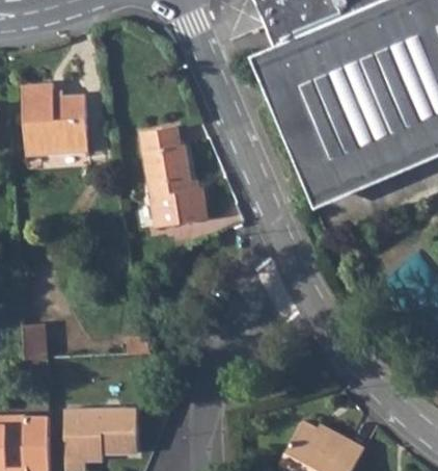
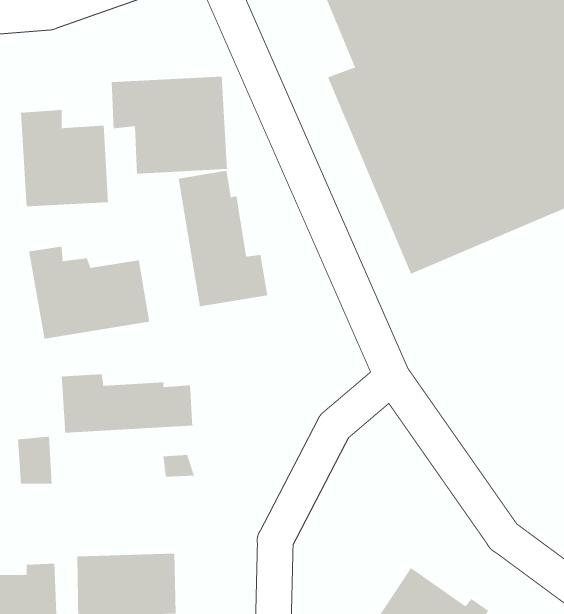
building: none -> [111,76,228,174]
building: none -> [28,246,150,339]
building: none -> [61,374,193,434]

